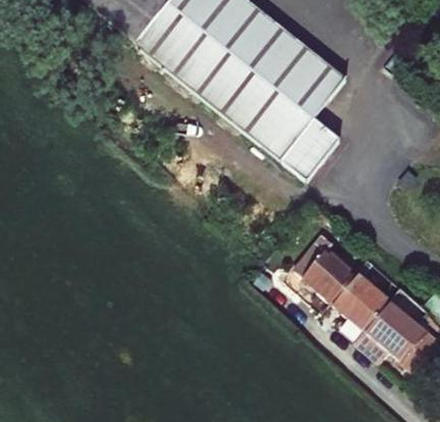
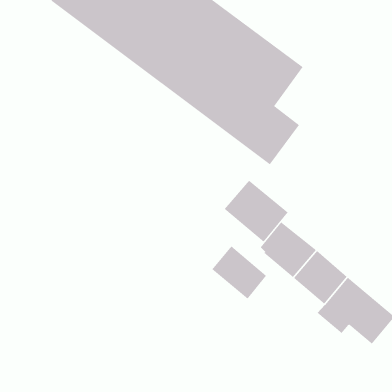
building: none -> [224,180,289,242]
building: none -> [211,246,267,300]

